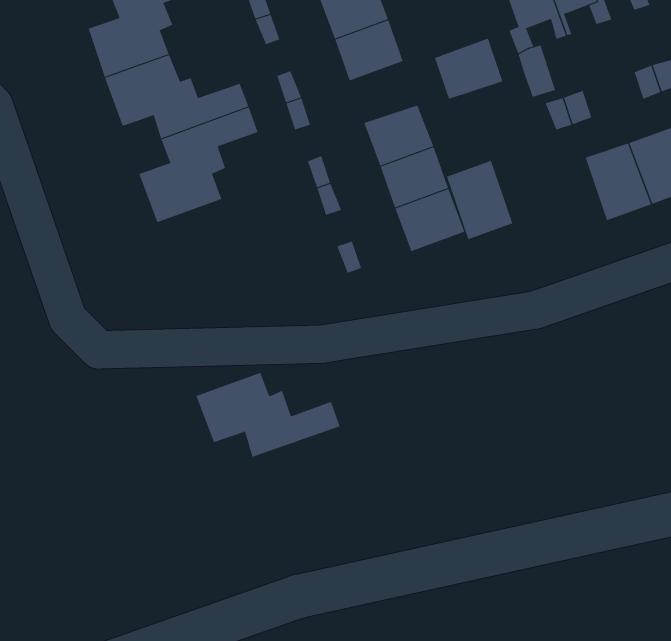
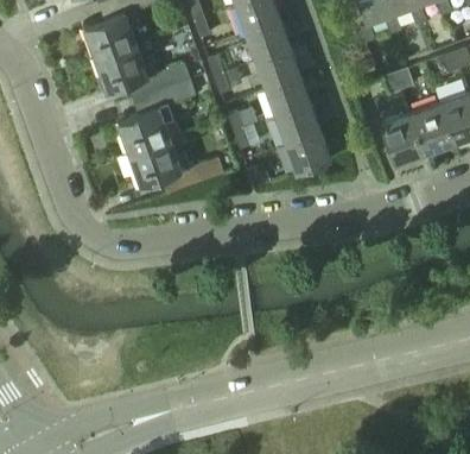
building: [434,38,503,100] -> [254,48,299,88]
building: [446,160,513,240] -> [379,111,423,163]
building: [196,372,341,457] -> [128,138,223,194]

